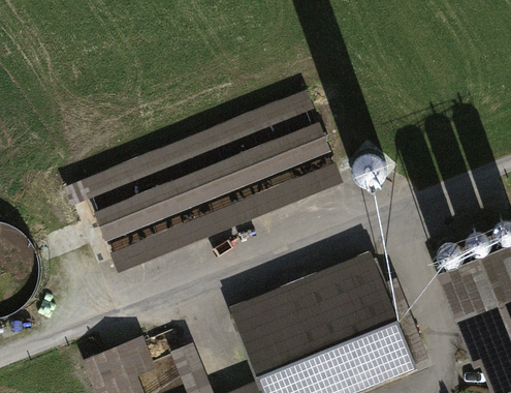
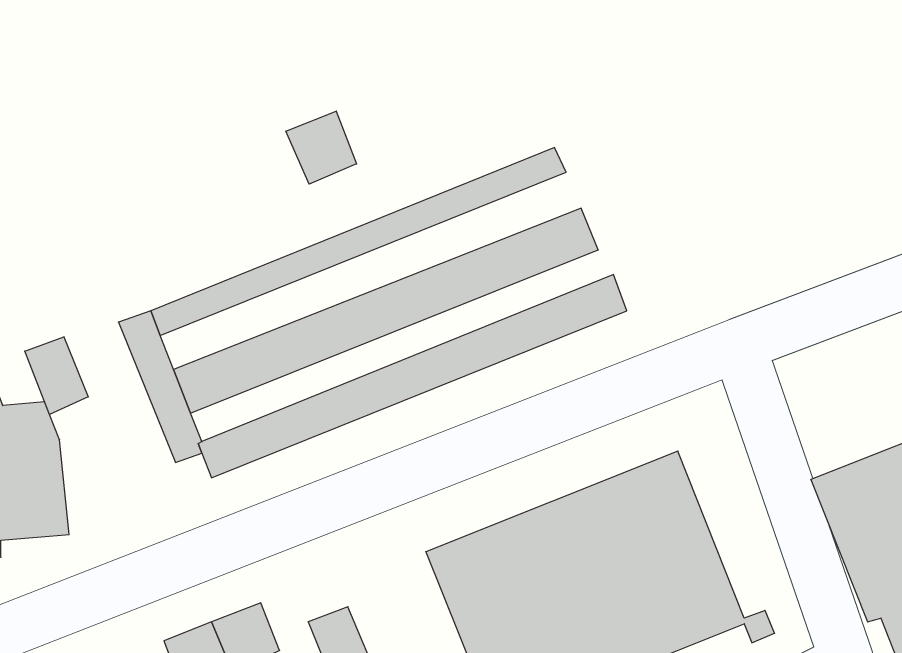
building: none -> [286,111,357,184]
building: none -> [25,337,88,414]

